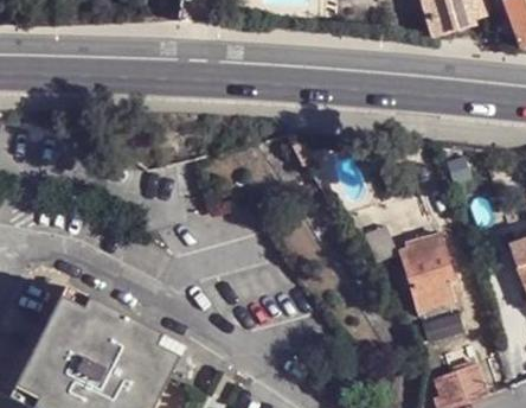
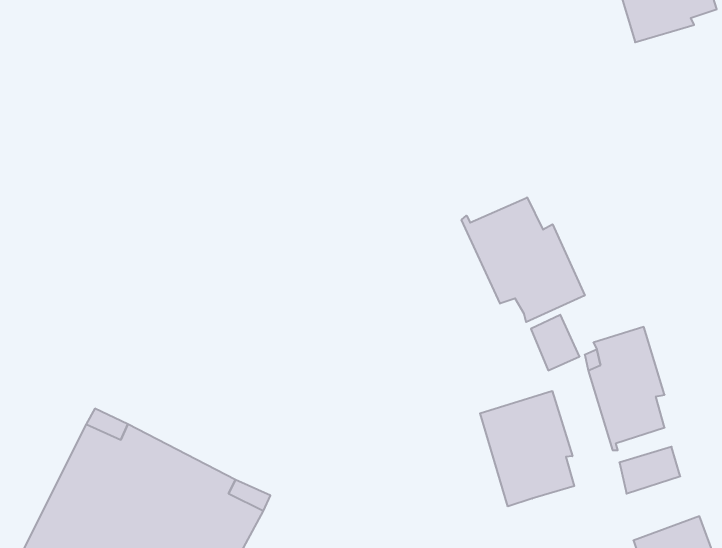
building: none -> [462,197,585,322]
building: none -> [480,391,574,506]

